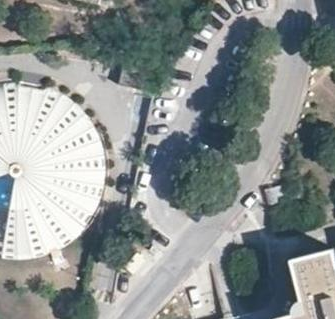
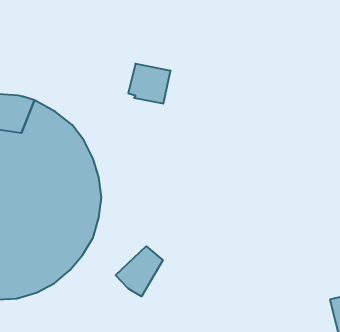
building: none -> [116,246,163,296]

